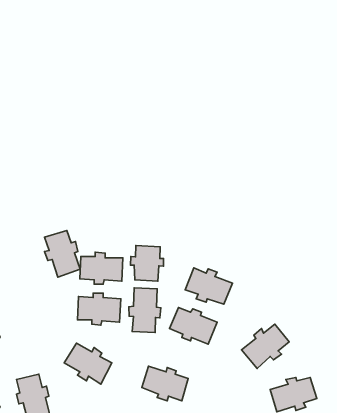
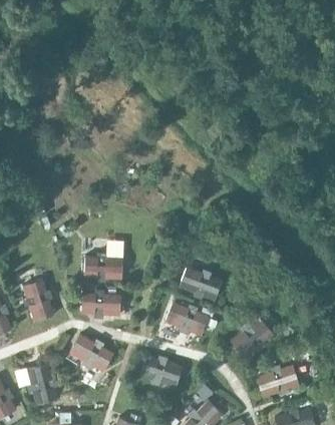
building: [45,231,80,277] -> [22,280,54,322]
building: [130,245,164,281] -> none
building: [129,288,161,332] -> none

